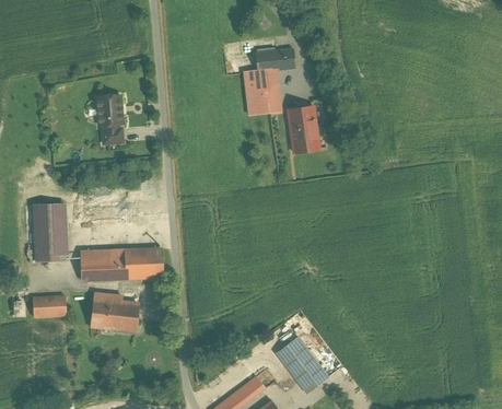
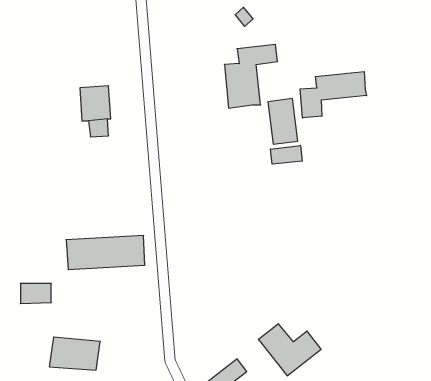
building: none -> [300,72,367,118]
building: none -> [270,145,302,164]
building: [31,204,65,261] -> none
building: [90,297,142,331] -> [49,337,100,370]

